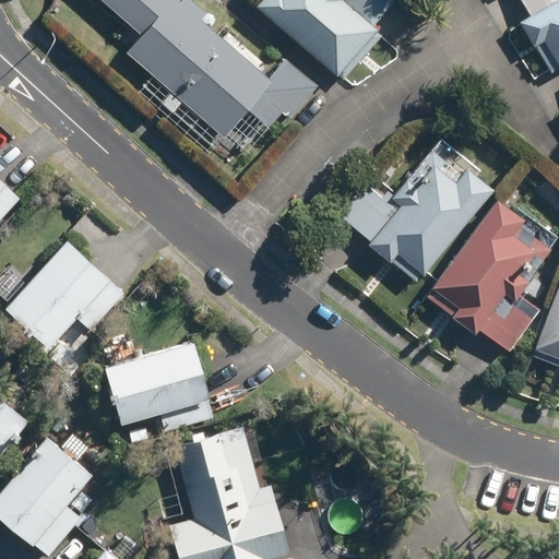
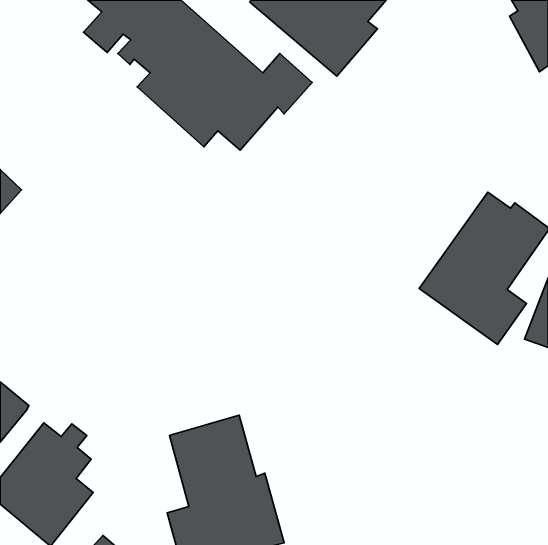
building: [340,144,491,281] -> none
building: [4,238,127,347] -> none
building: [104,341,217,433] -> none

